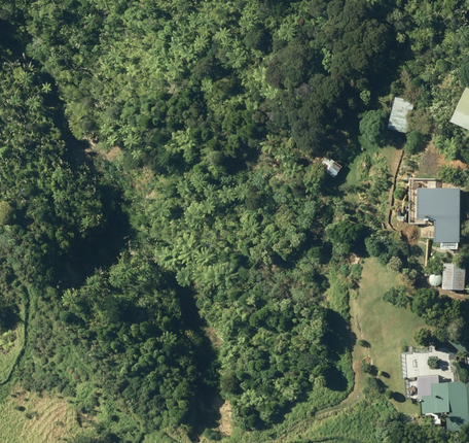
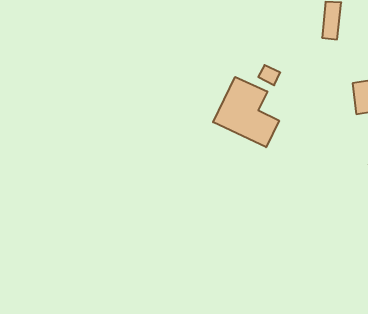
building: none -> [213,77,279,147]

